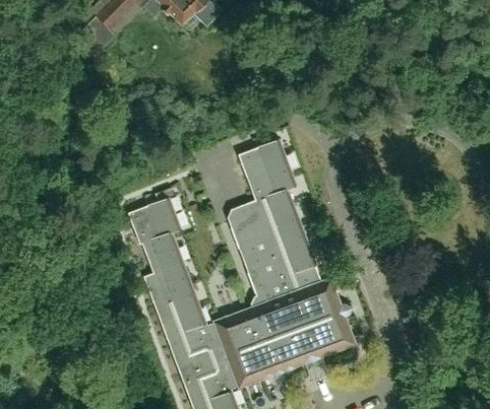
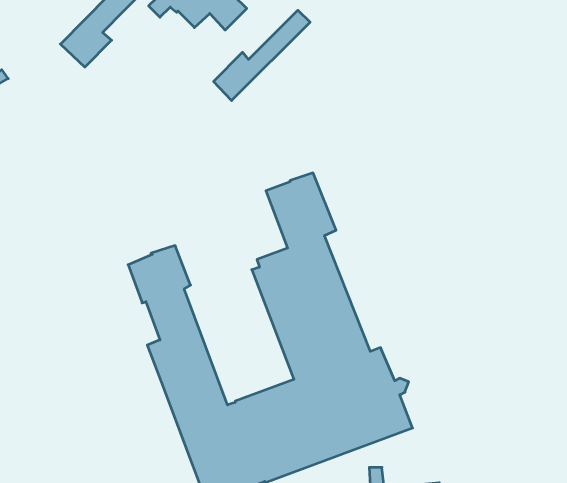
building: none -> [214,10,310,101]

